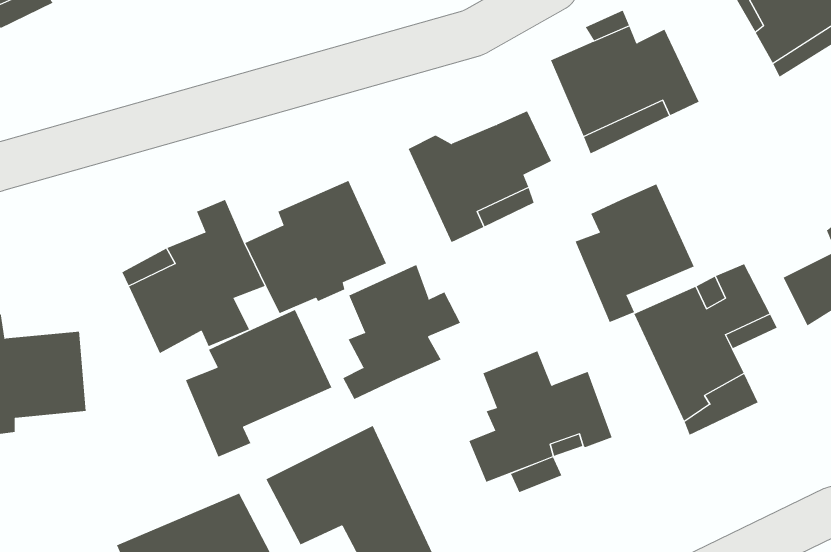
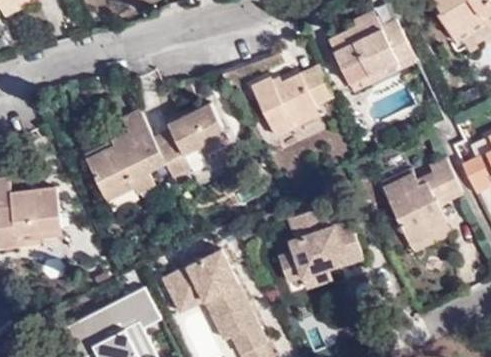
building: [575,184,695,323] -> none
building: [343,264,461,400] -> none
building: [185,309,332,458] -> none

